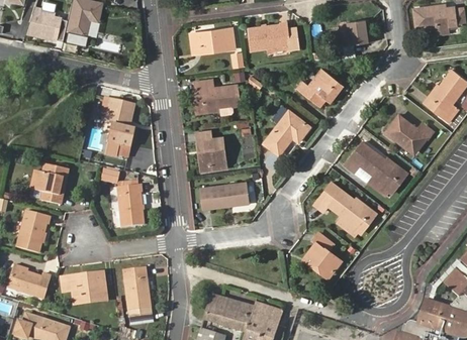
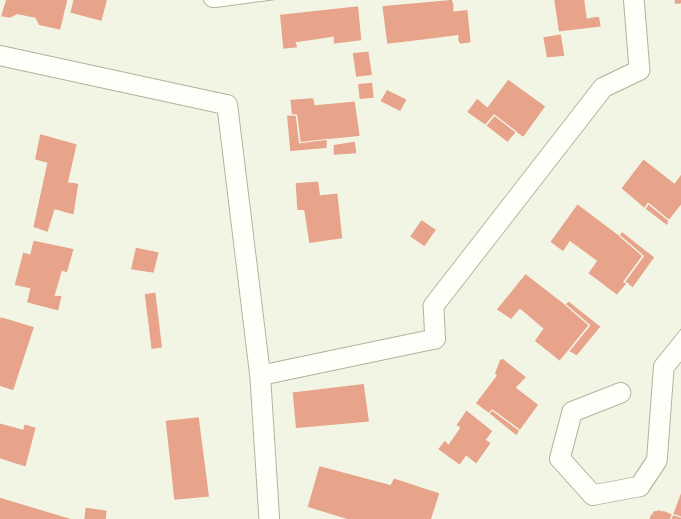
building: [104,99,131,156] -> [32,134,79,233]
building: [265,111,309,154] -> none
building: [203,182,249,208] -> [292,384,370,429]
building: [124,186,148,228] -> none
building: none -> [437,409,493,465]
building: [62,270,104,302] -> none

